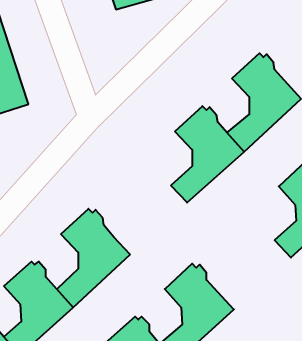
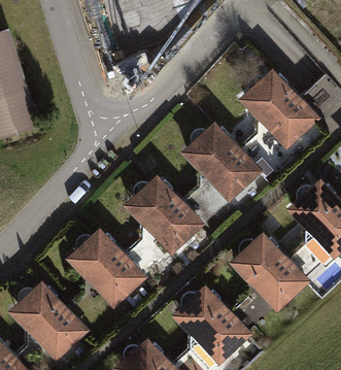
building: none -> [125,178,199,277]
building: none -> [230,234,304,333]

